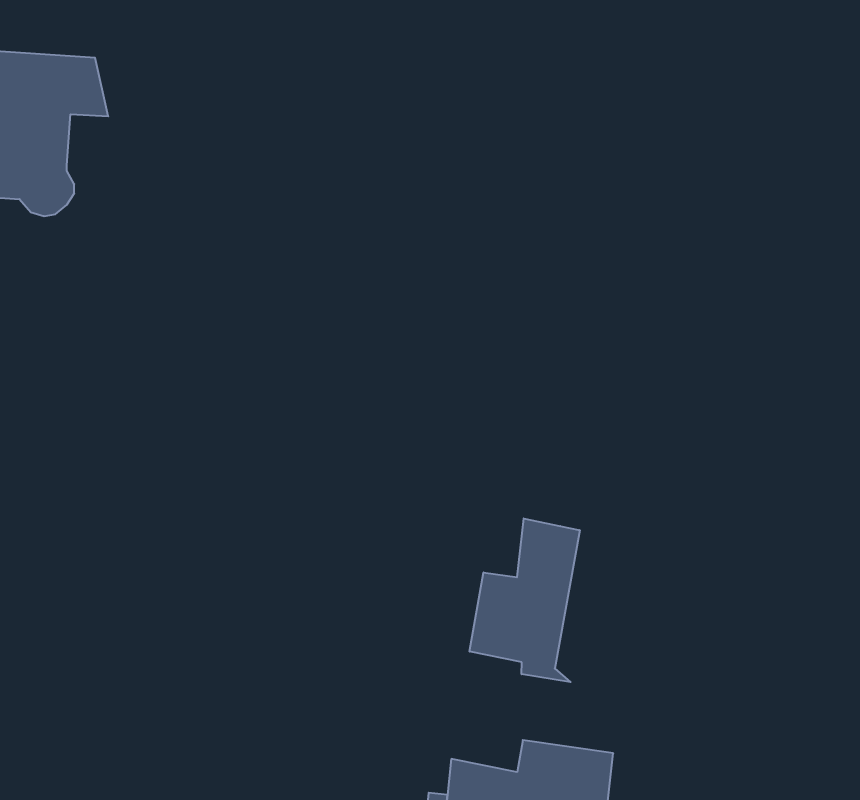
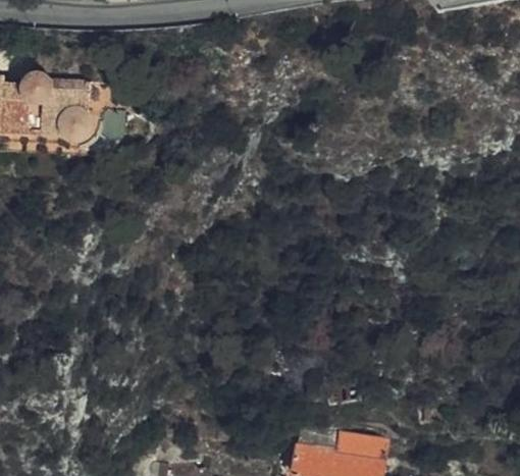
building: [470,518,580,682] -> none

